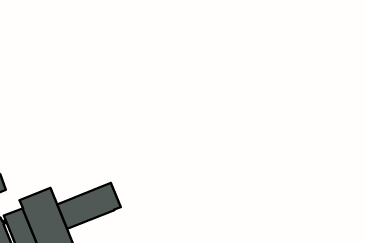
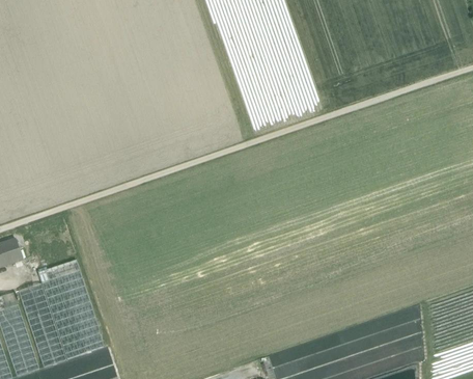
building: [57,183,121,229] -> none

